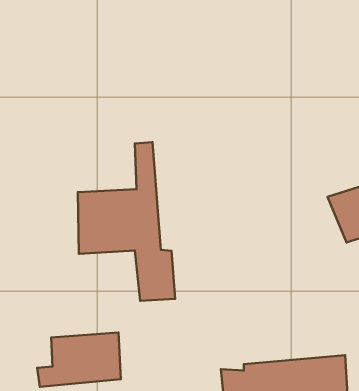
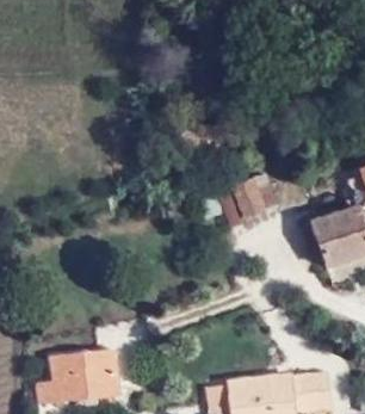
building: none -> [222,172,285,228]
building: [78,142,175,301] -> none

